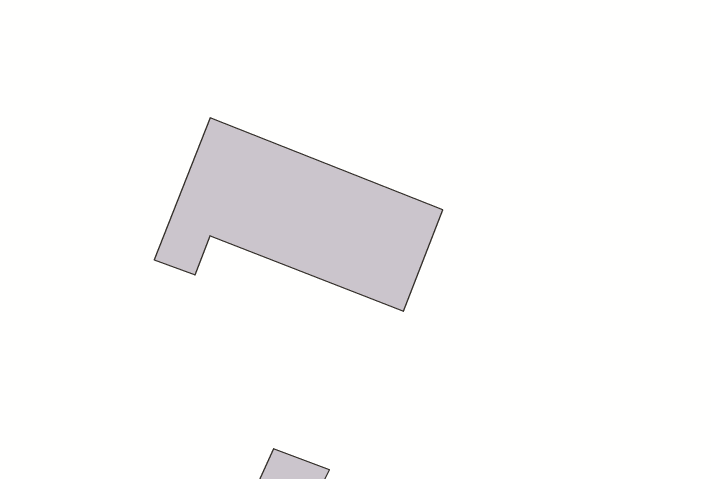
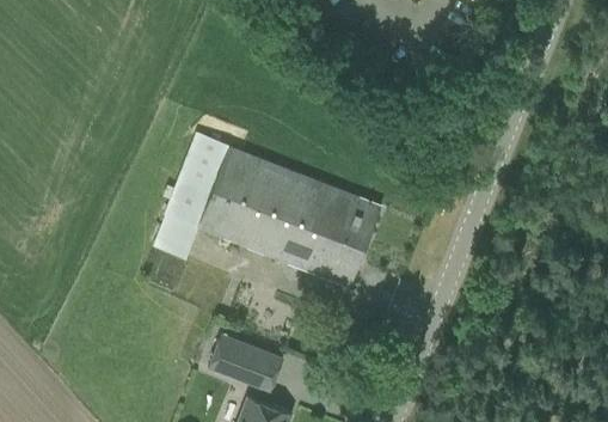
building: none -> [208,334,283,391]

